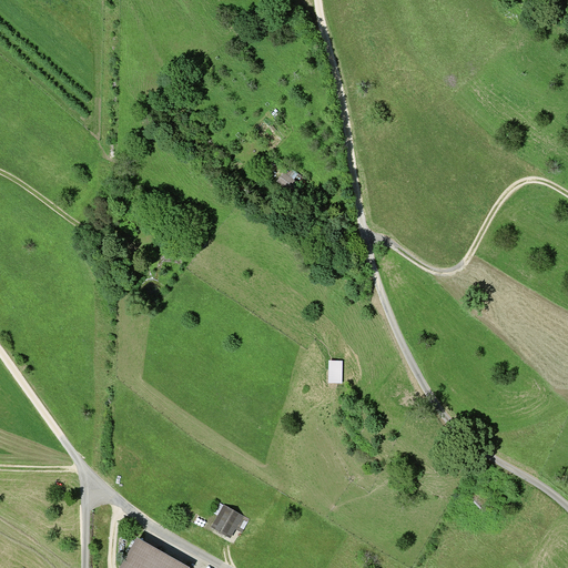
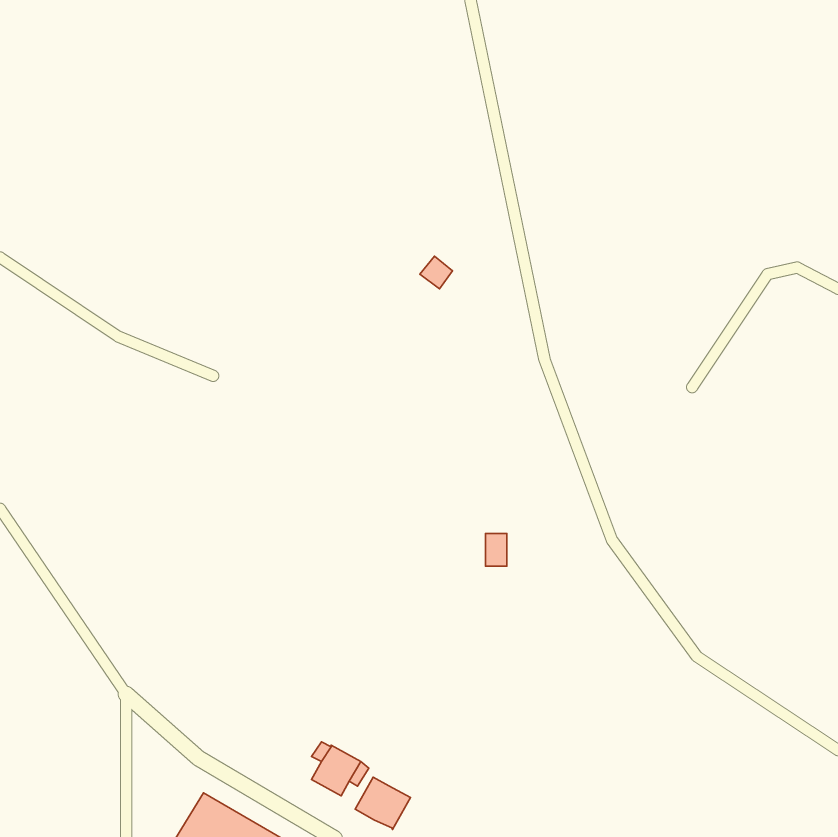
building: none -> [355,777,410,829]

